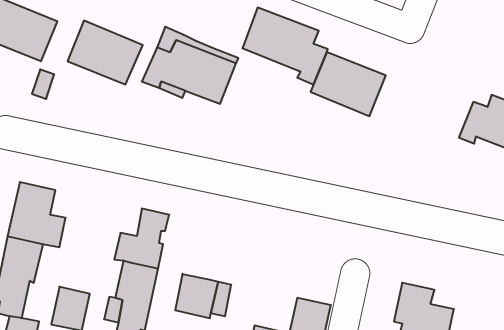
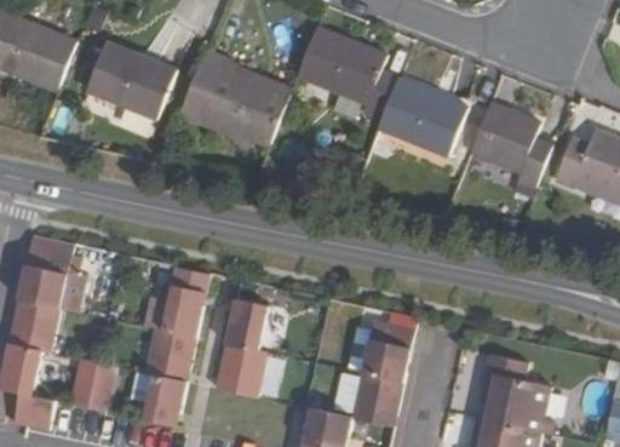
building: none -> [465,103,551,199]
building: none -> [225,300,268,351]
building: none -> [362,320,413,382]

